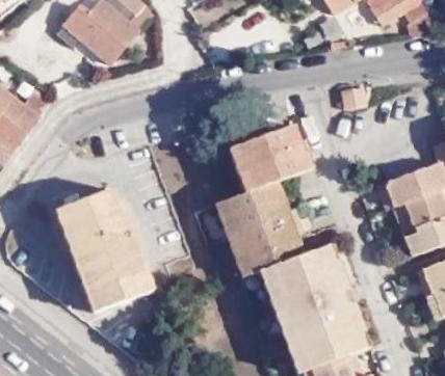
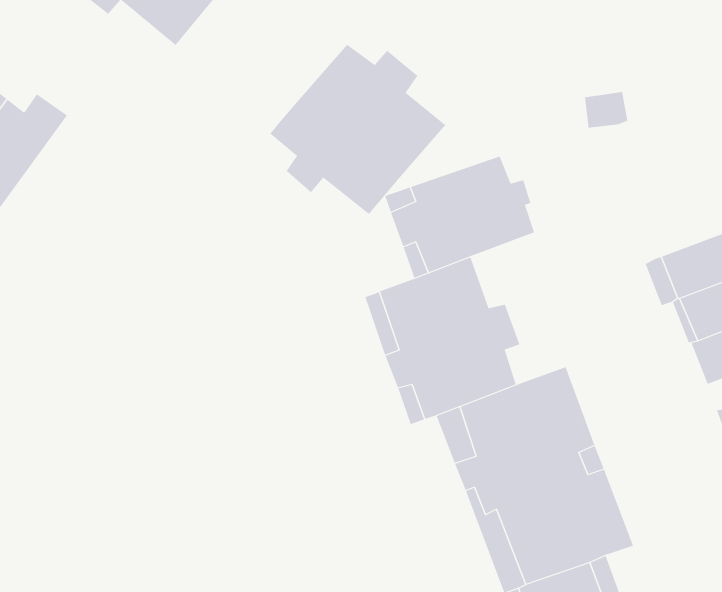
building: none -> [270,44,446,215]
building: [60,190,159,312] -> none

